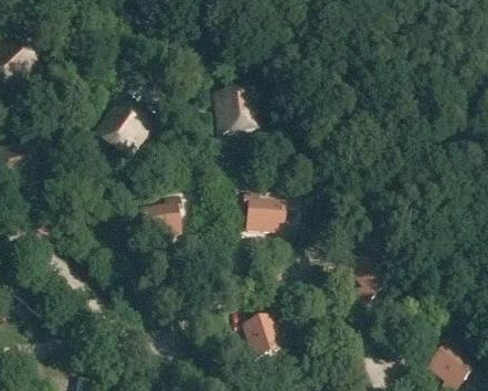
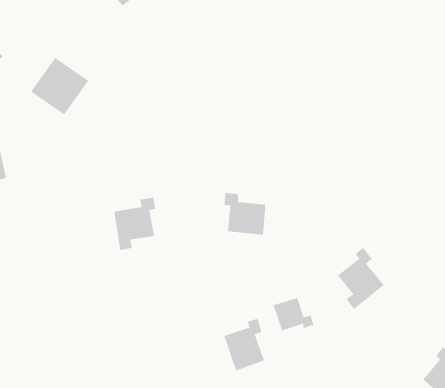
building: [218,85,261,128] -> none
building: [97,98,152,152] -> [30,57,89,115]
building: none -> [273,297,314,331]

